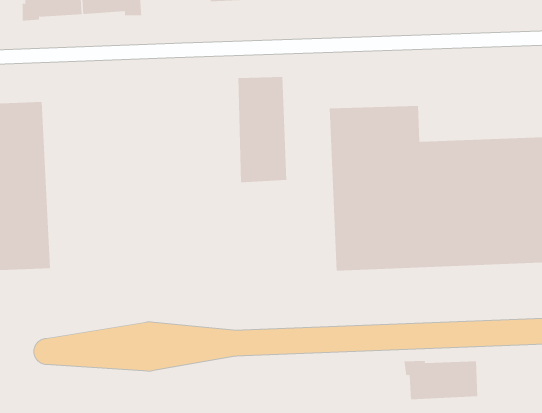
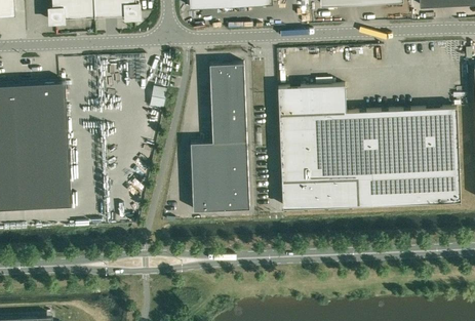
building: none -> [191,141,249,211]
building: [404,360,478,400] -> none

